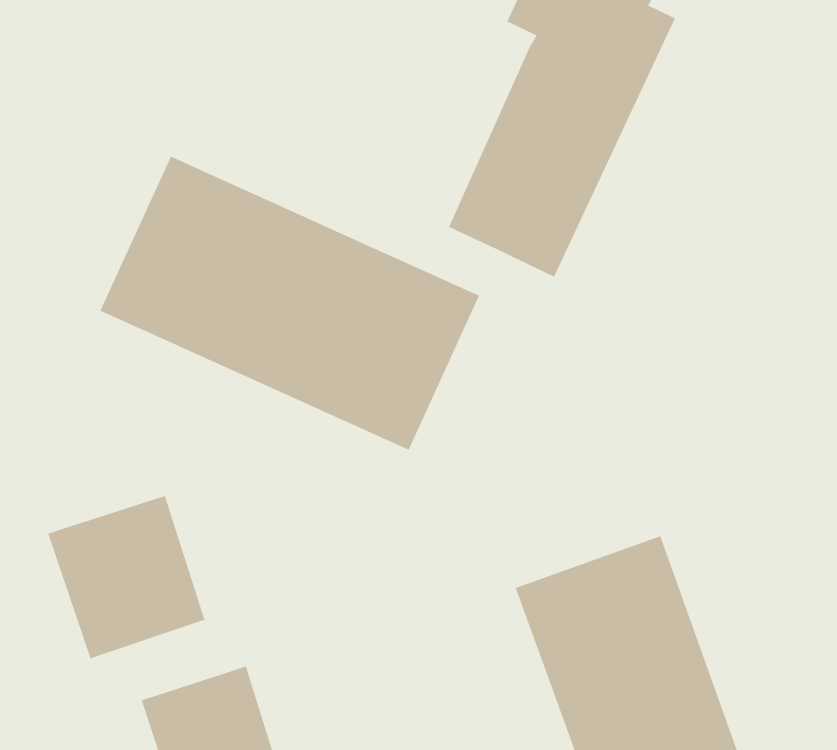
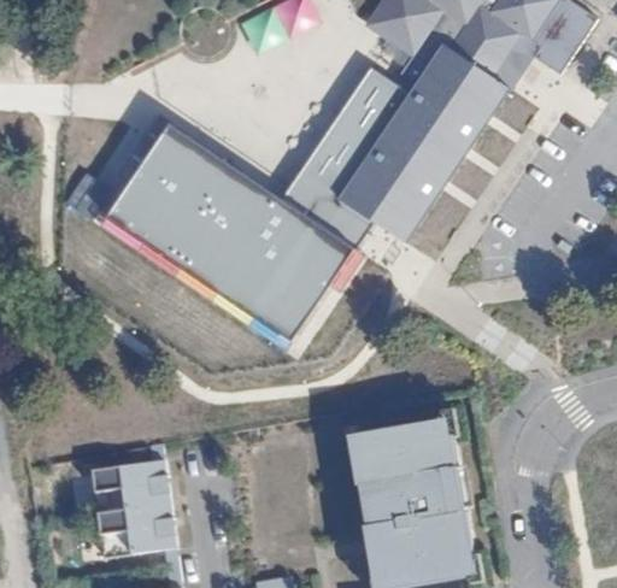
building: none -> [283,65,412,246]
building: [48,495,205,659] -> none

